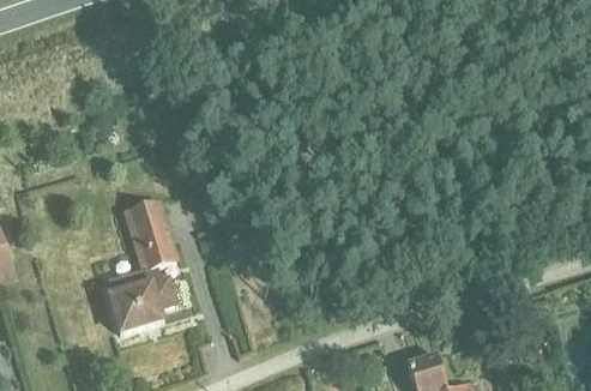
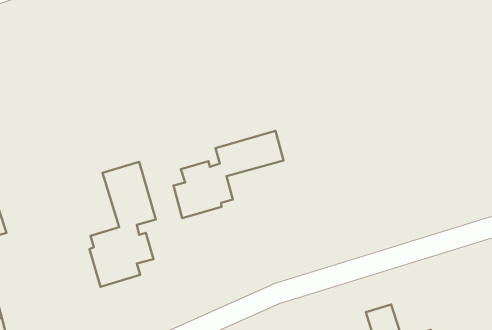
building: none -> [174,131,283,218]

